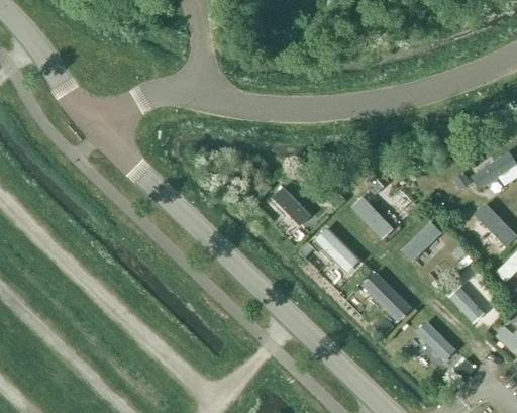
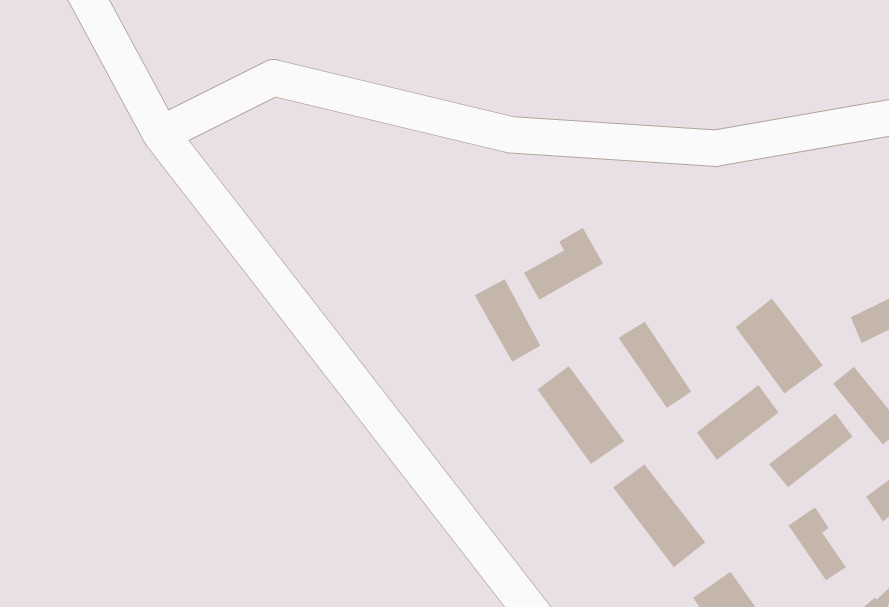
building: none -> [523,227,604,300]
building: none -> [735,298,824,395]
building: none -> [768,413,854,488]

